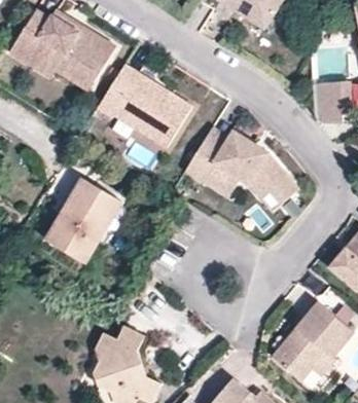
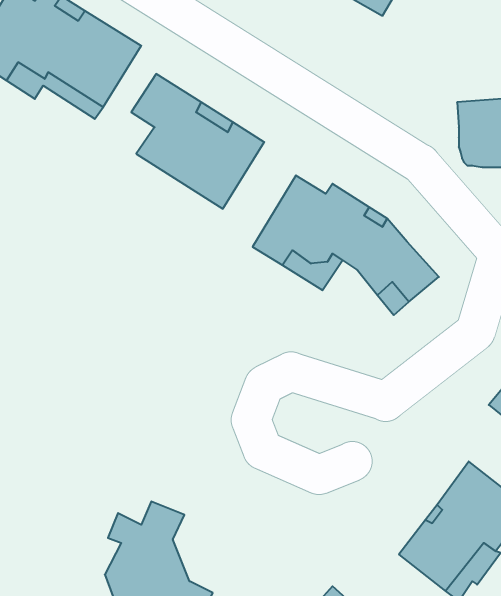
building: [45,178,121,262] -> none

